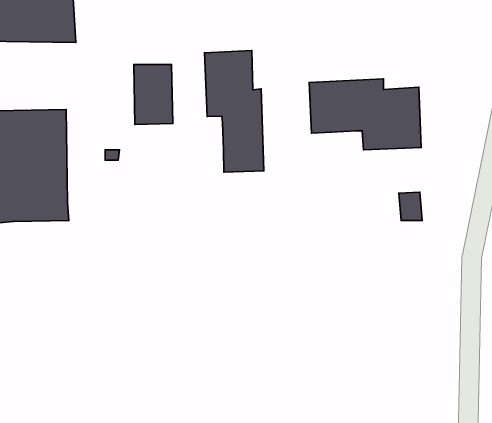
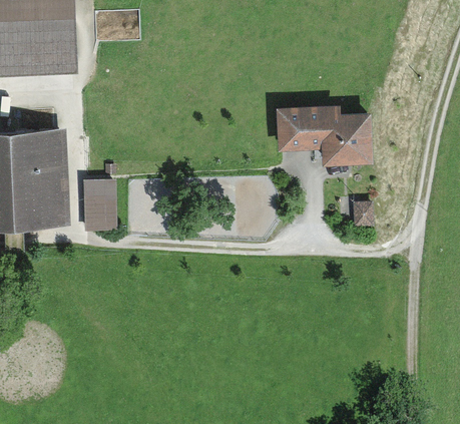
building: [204,51,264,172] -> none
building: [134,64,173,125] -> [82,180,115,232]

